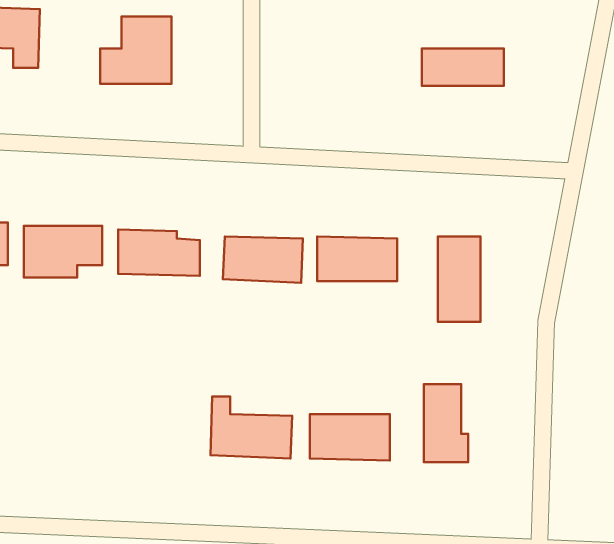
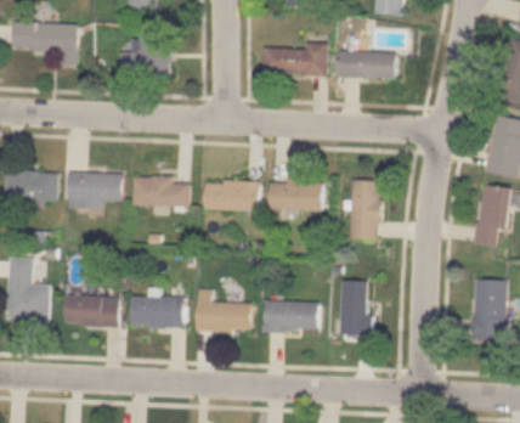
building: none -> [261,43,327,74]
building: none -> [62,295,118,326]
building: none -> [129,297,182,327]

